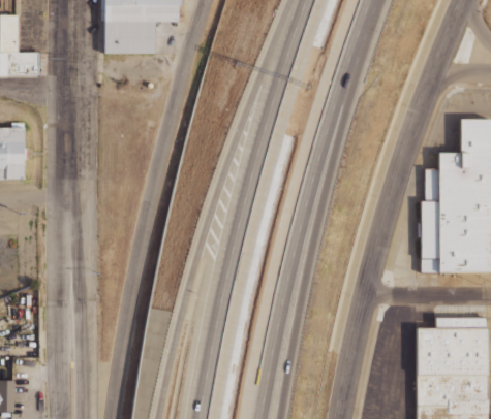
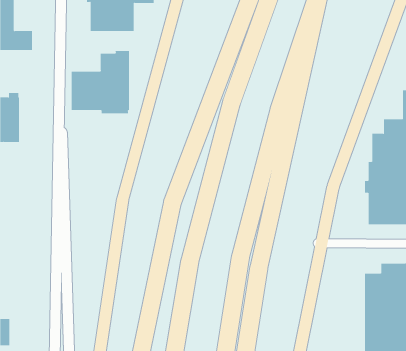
building: none -> [71,50,129,114]

